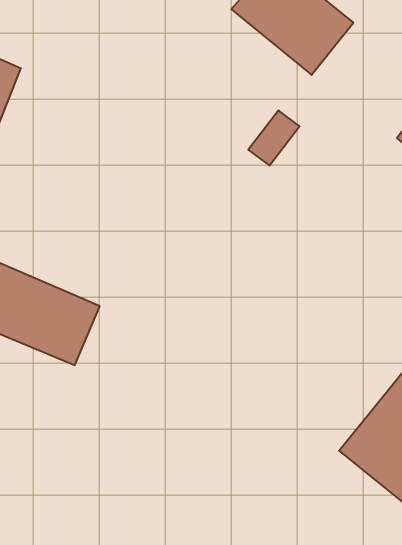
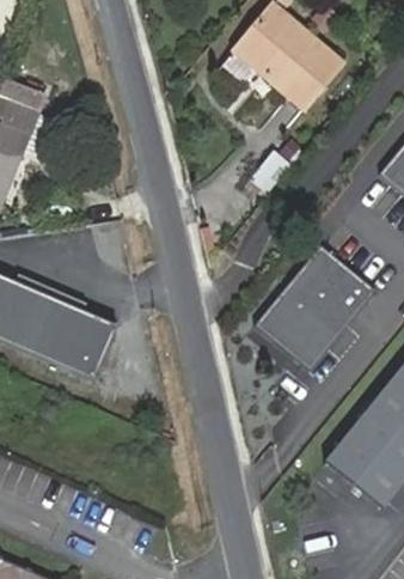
building: none -> [256,243,378,370]

